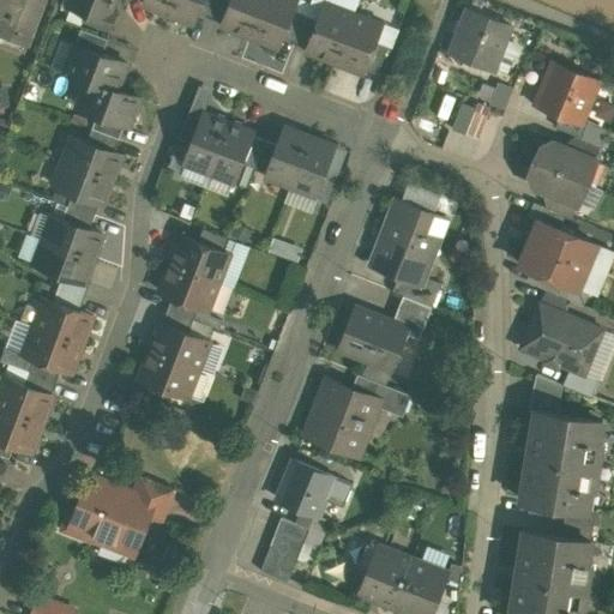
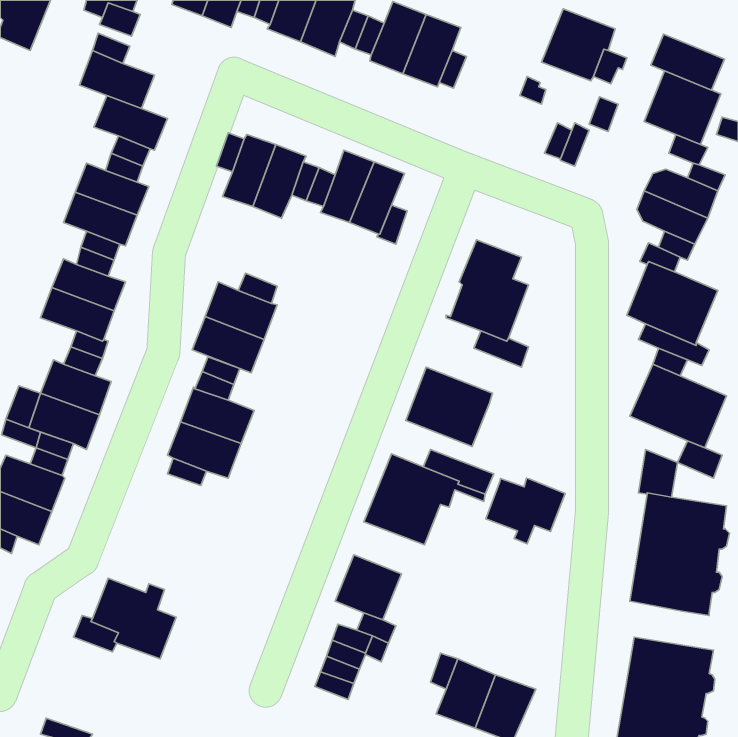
building: none -> [651,34,724,90]
building: [393,296,431,341] -> none
building: none -> [486,478,565,544]
building: [131,477,174,520] -> none
building: [564,508,597,541] -> none

